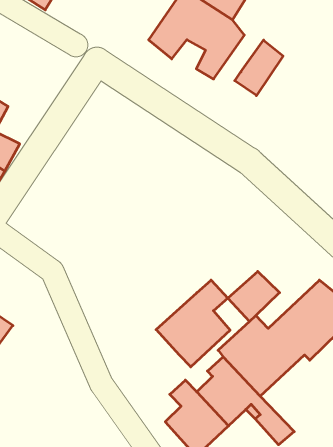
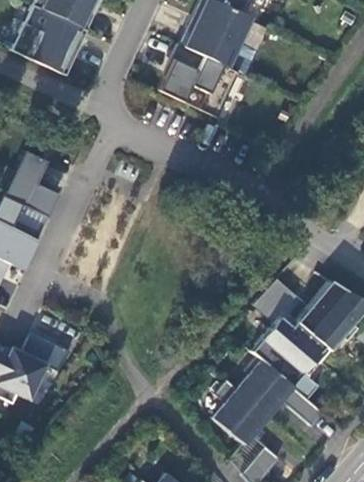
building: [235,40,283,96] -> none
building: [156,280,230,367] -> none

